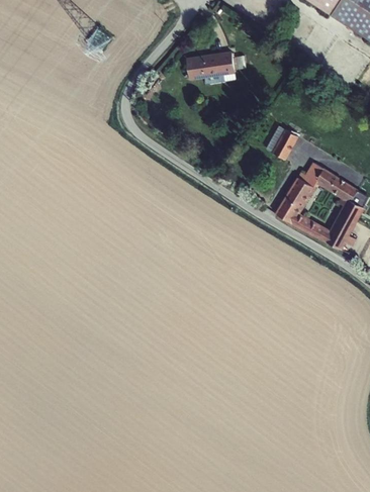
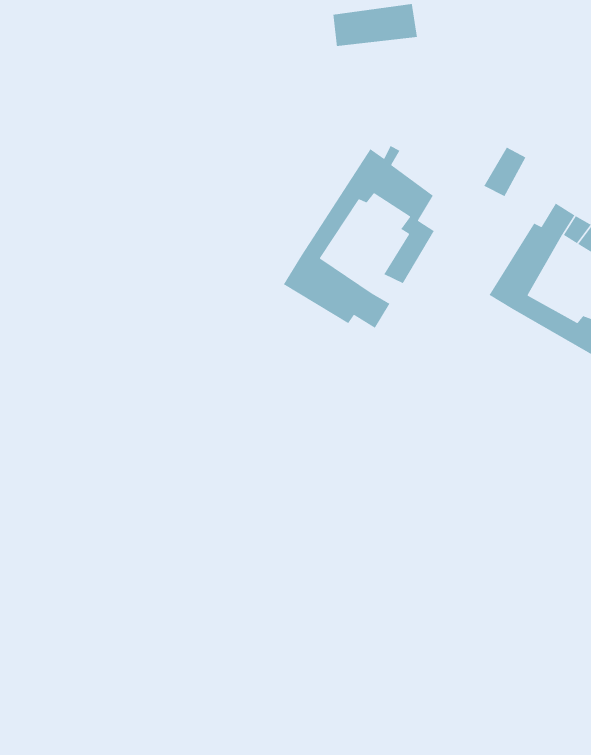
building: none -> [283,145,435,329]

